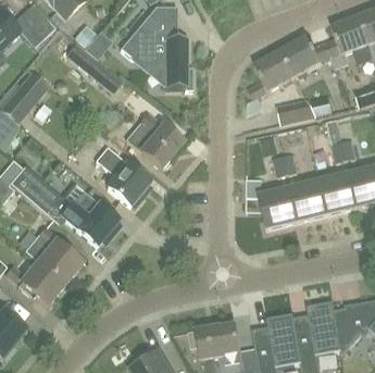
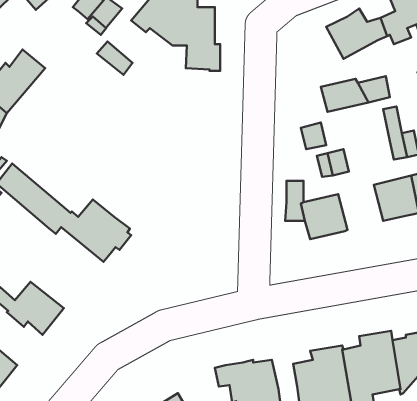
building: [246,53,293,116] -> none
building: [126,114,183,169] -> none
building: [95,147,149,207] -> none
building: [289,183,326,220] -> none
building: [25,227,82,284] -> none

